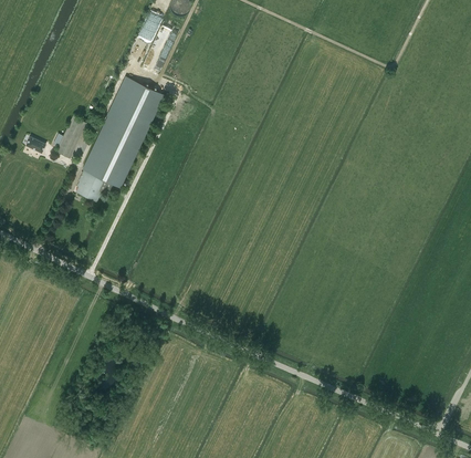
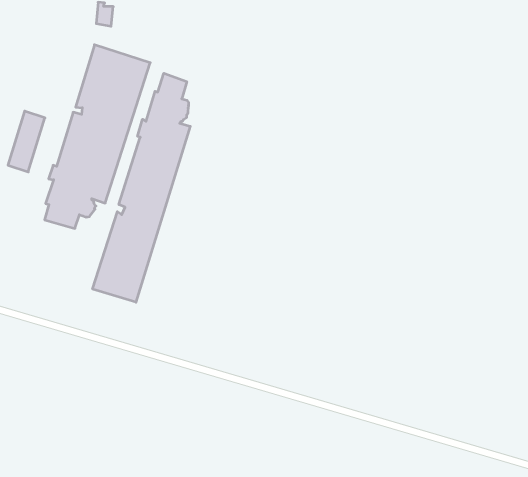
building: none -> [93,73,190,302]

